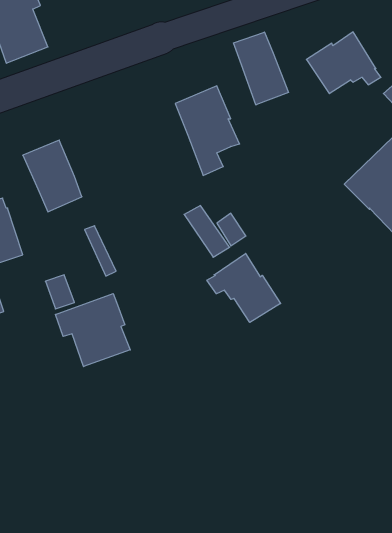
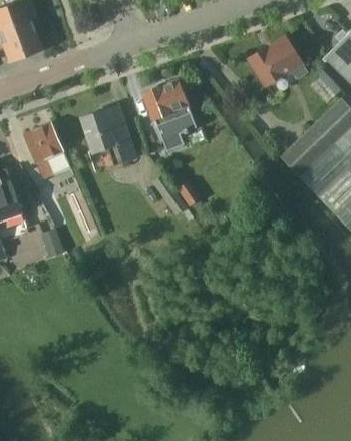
building: [234,32,288,105] -> none
building: none -> [81,106,136,167]
building: [207,253,281,322] -> none
building: [55,294,130,367] -> none

